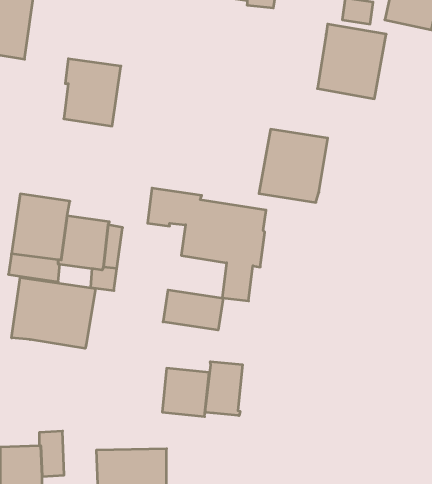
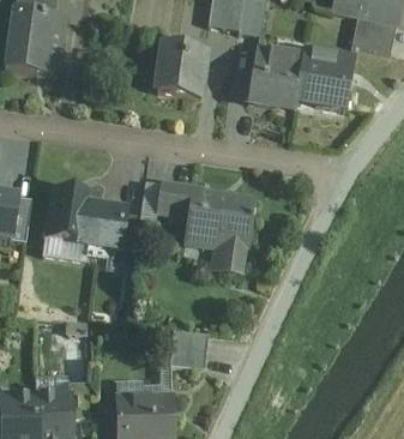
building: [64,59,121,126] -> [159,42,206,97]
building: [259,129,328,202] -> [247,49,303,109]
building: [12,277,96,348] -> none
building: [163,290,223,330] -> none
building: [205,362,242,416] -> none

